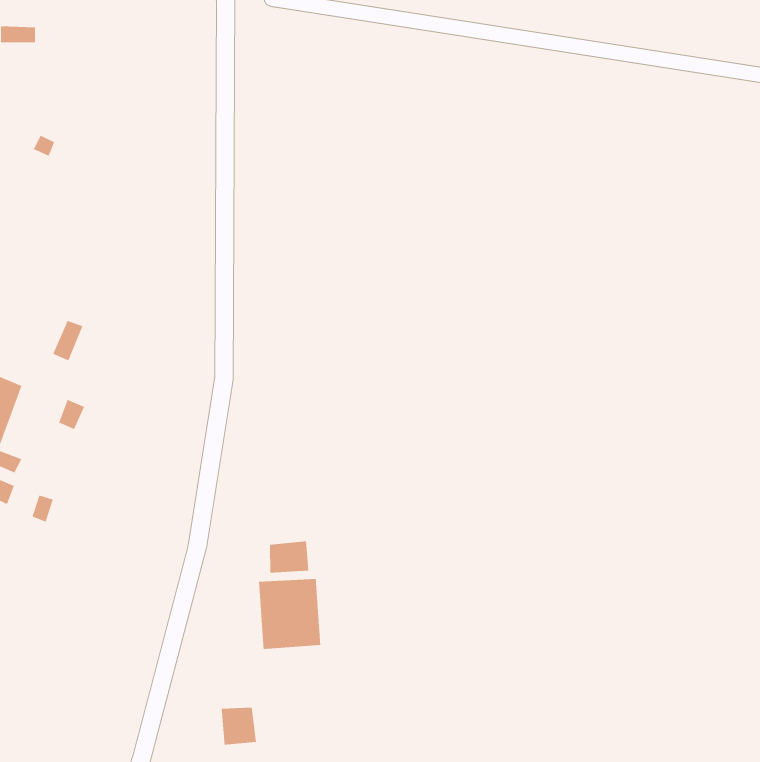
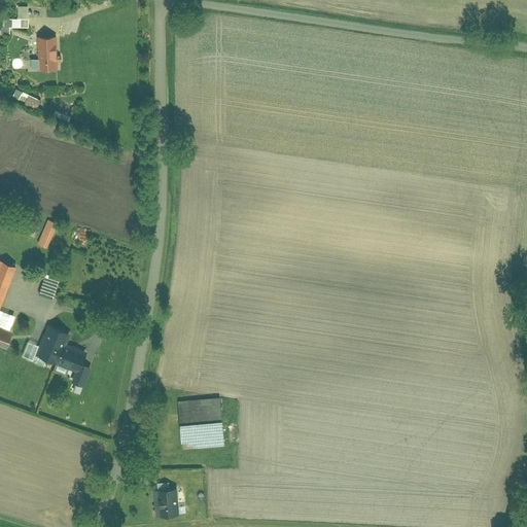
building: none -> [36,39,55,70]
building: none -> [35,325,83,372]
building: [269,541,309,574] -> none

